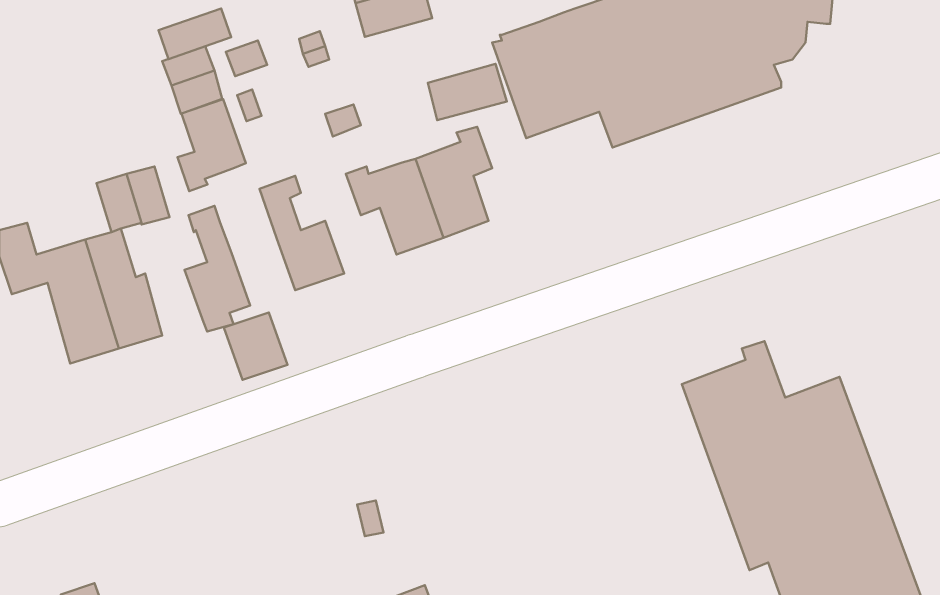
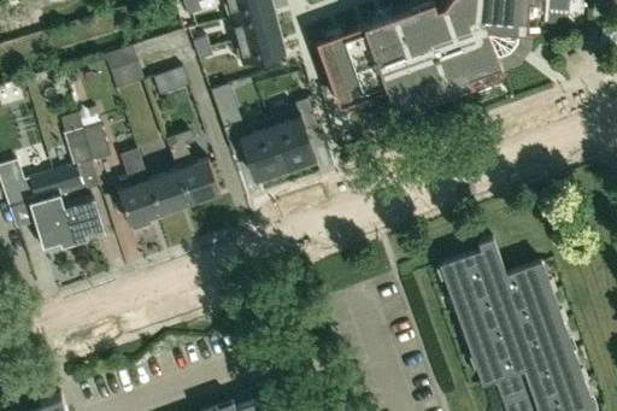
building: [158,8,231,59] -> none
building: [428,64,507,120] -> [235,29,286,65]
building: [177,99,246,191] -> none
building: [224,312,287,380] -> [149,170,190,213]

